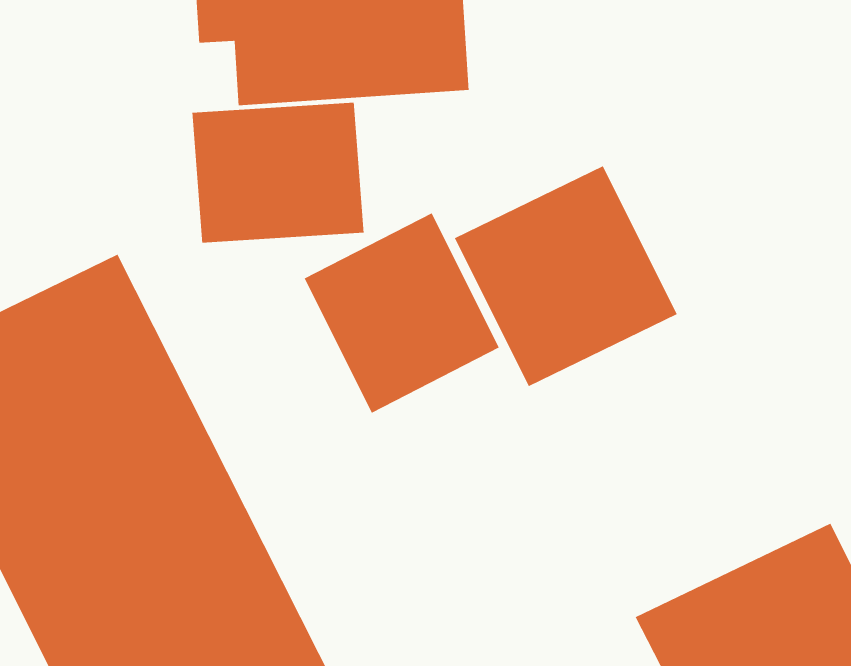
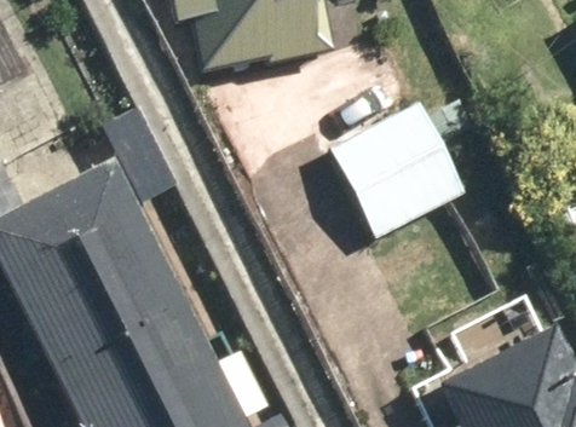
building: [191,102,365,243] -> none
building: [304,212,500,414] -> none

